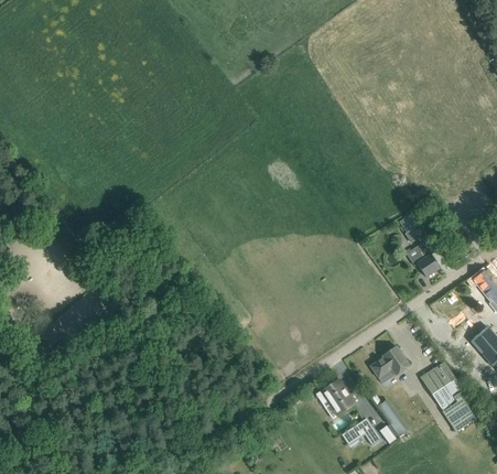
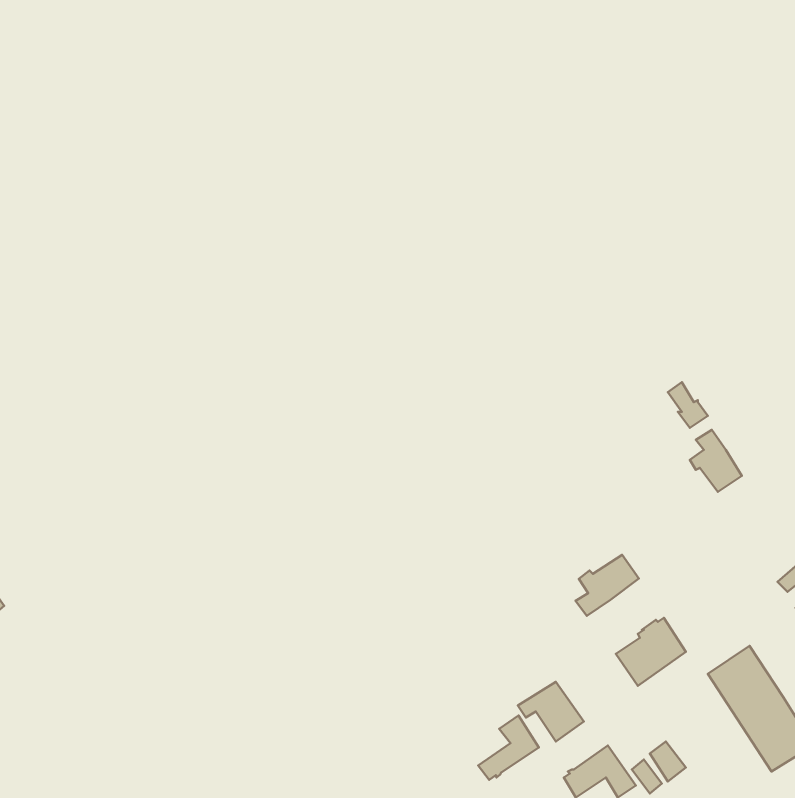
building: none -> [575,555,639,616]
building: none -> [478,715,539,780]

